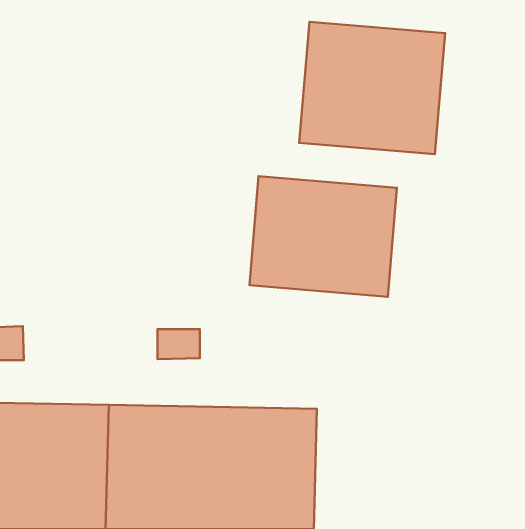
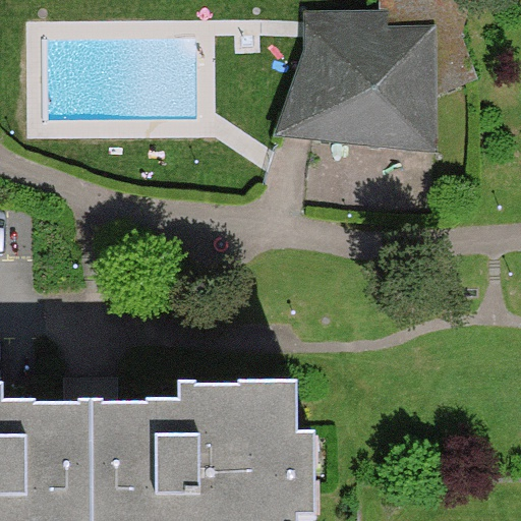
building: [249,176,397,297] -> none

